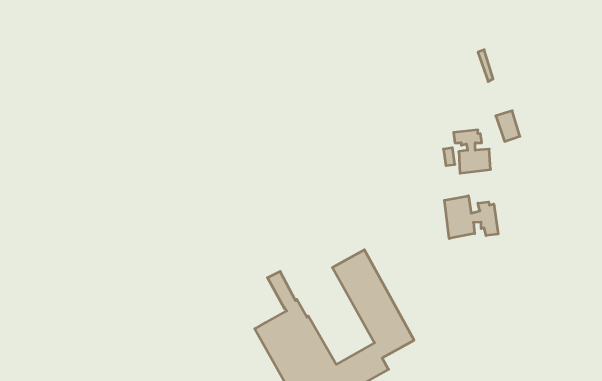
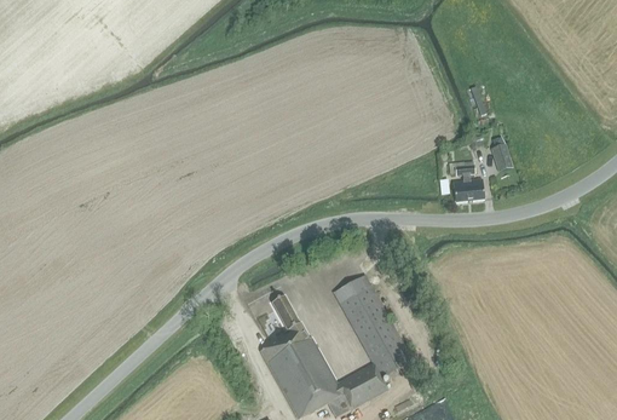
building: [444,196,498,239] -> none

